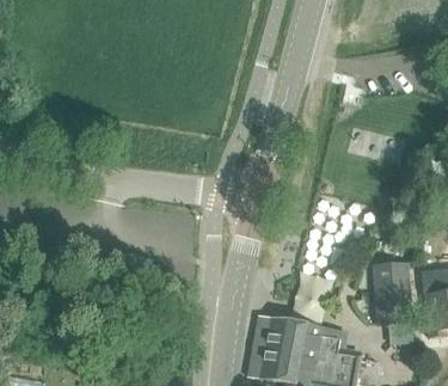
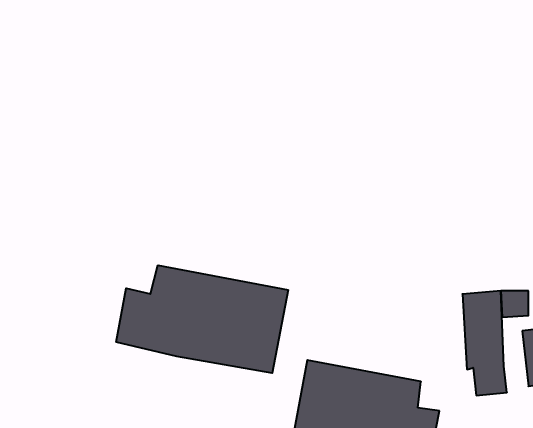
building: none -> [116,265,288,373]

